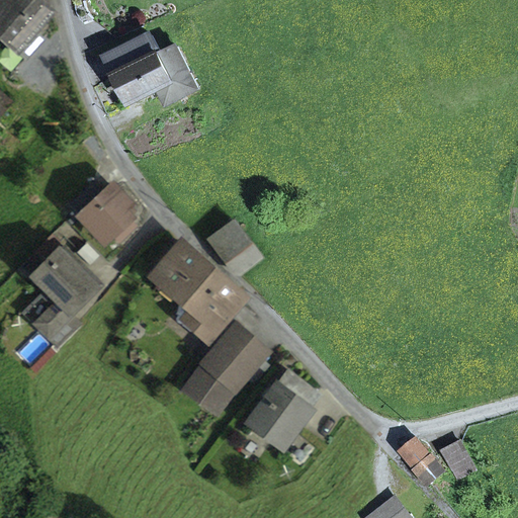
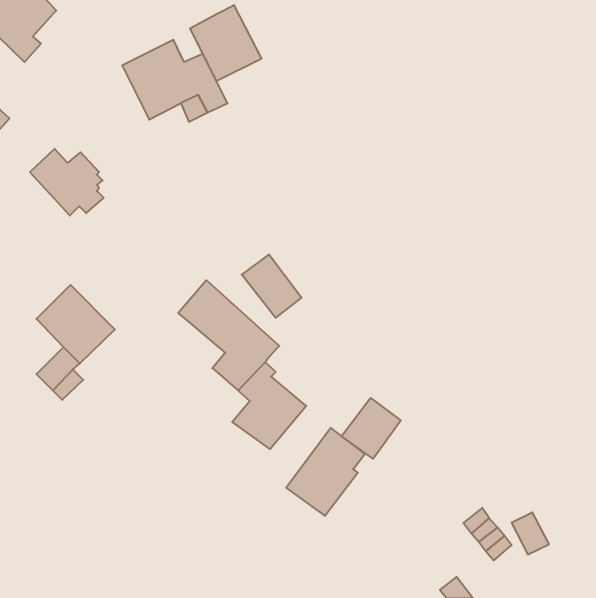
building: none -> [190,5,261,81]
building: [68,183,132,241] -> [30,149,104,216]
building: none -> [342,398,401,459]
building: [182,364,233,412] -> none

